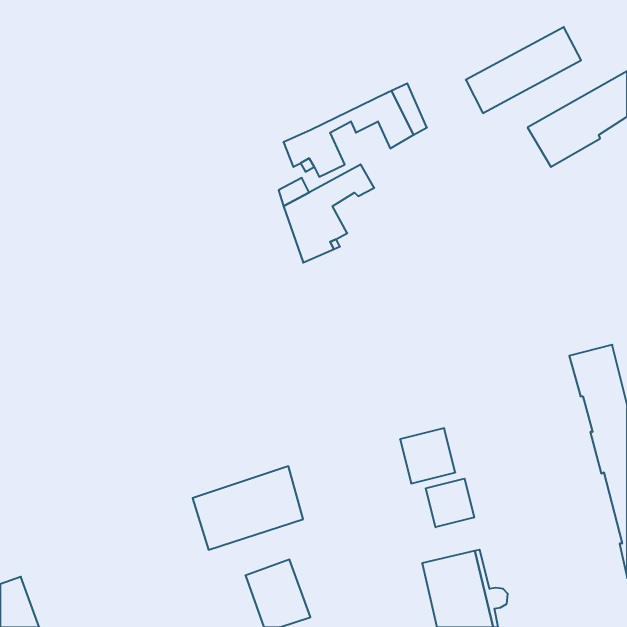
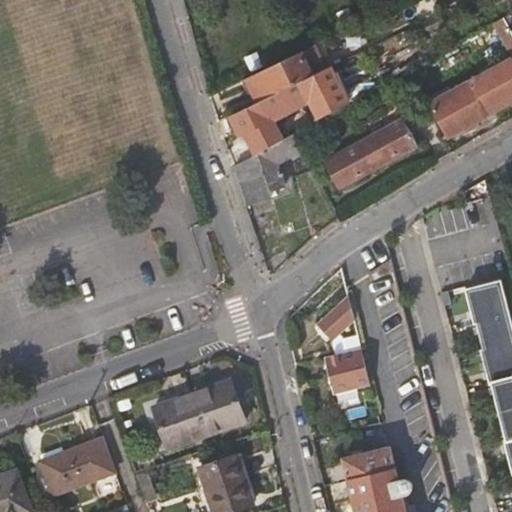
building: [466,27,581,113] -> [322,119,416,189]
building: none -> [242,52,315,106]
building: none -> [314,291,355,340]
building: [426,479,474,527] -> none
building: none -> [42,439,114,494]

